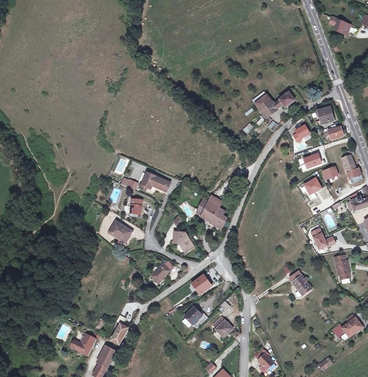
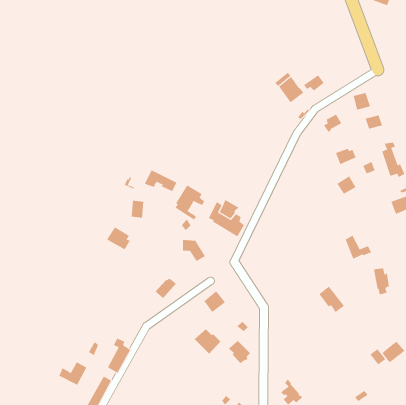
building: none -> [175,184,205,221]

